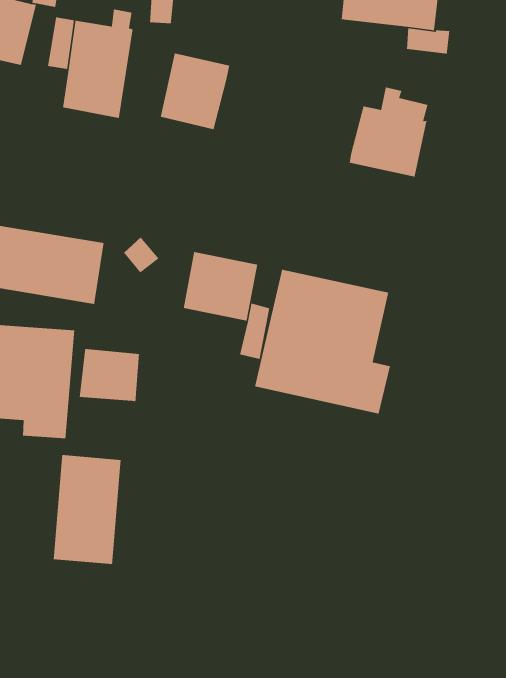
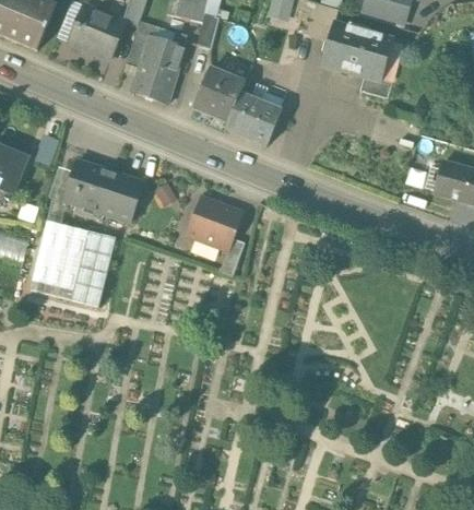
building: [349,87,428,178] -> [225,82,283,144]
building: [254,269,391,414] -> none
building: [79,348,140,402] -> none
building: [53,454,121,565] -> none

